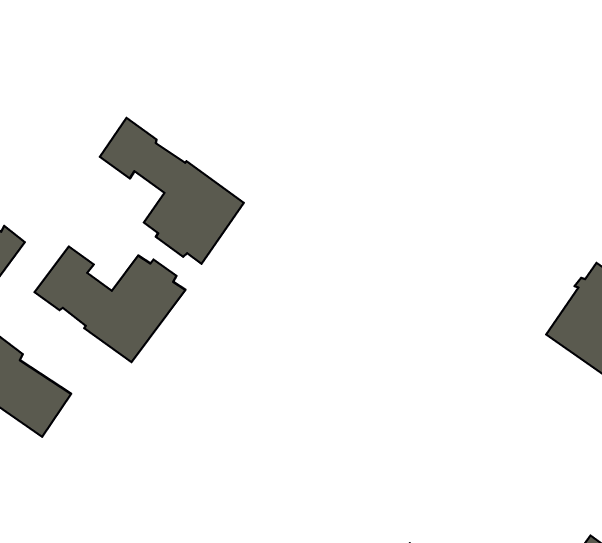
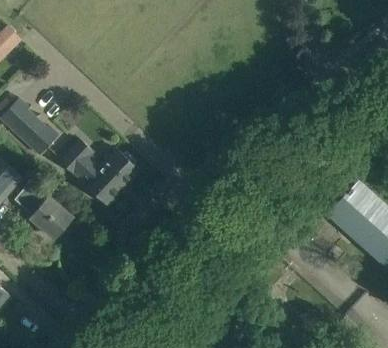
building: [100,118,244,264] -> none

